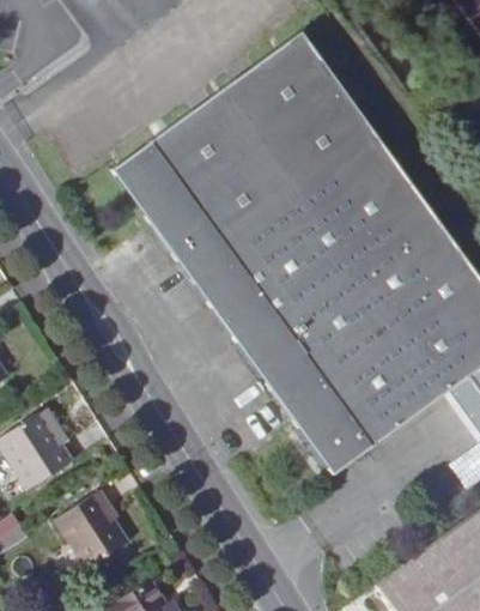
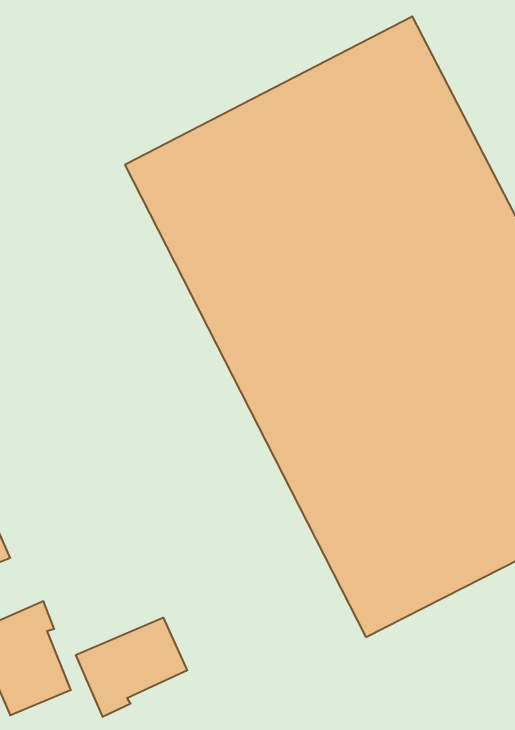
building: none -> [76,618,187,717]

